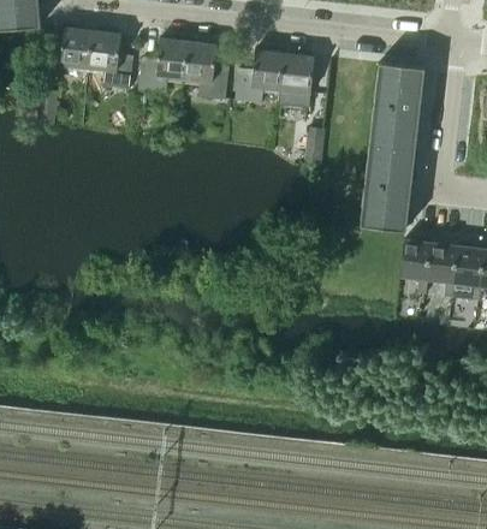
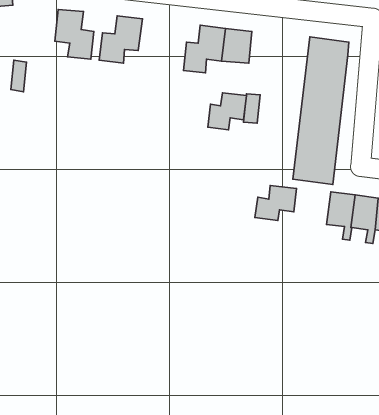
building: [60,28,93,67] -> none
building: [184,42,230,100] -> none
building: none -> [208,93,246,130]
building: none -> [255,185,297,221]

